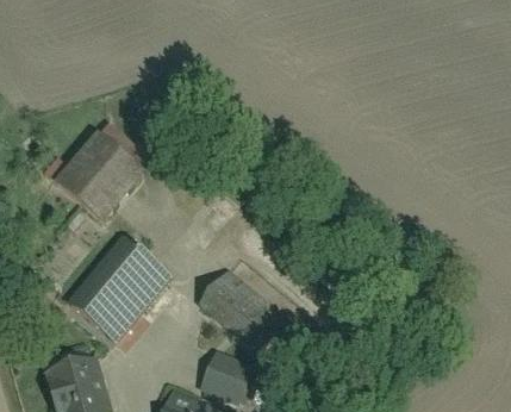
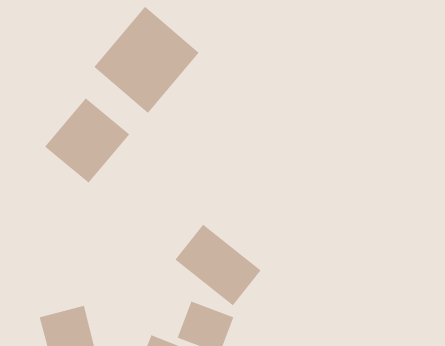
building: none -> [94,6,200,114]
building: [63,235,170,344] -> none

